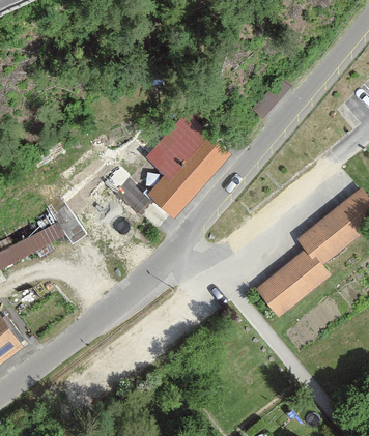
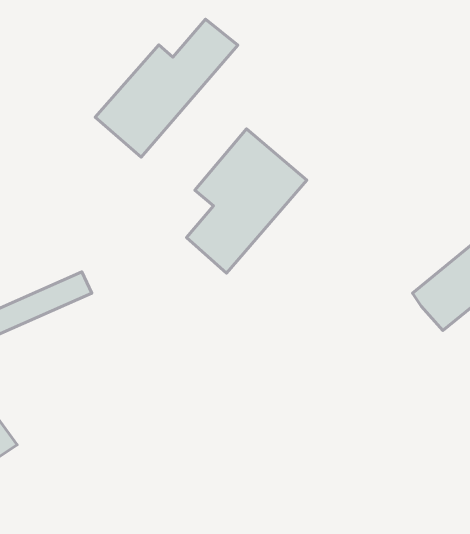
building: none -> [95,19,238,157]
building: [258,245,334,316] -> none

